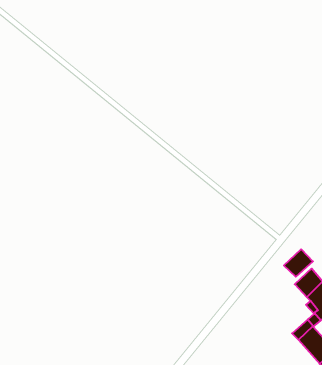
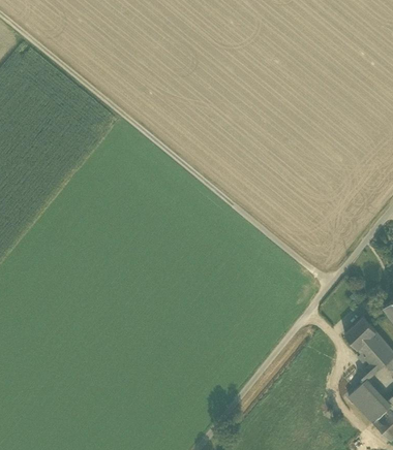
building: [284,249,313,277] -> none

